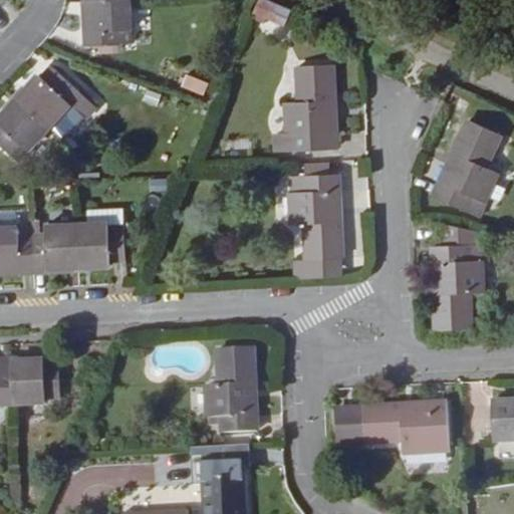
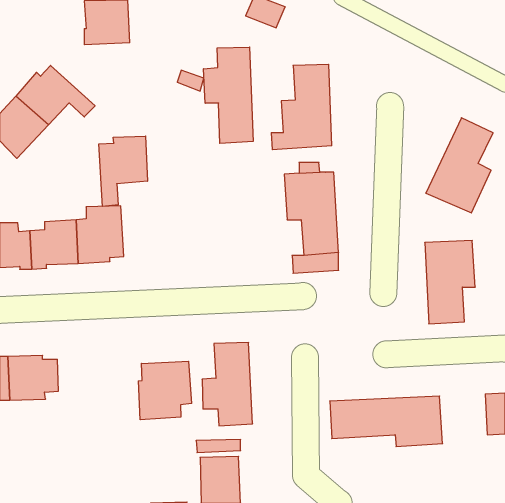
building: none -> [204,47,253,143]
building: none -> [99,136,147,206]
building: none -> [138,361,192,420]

